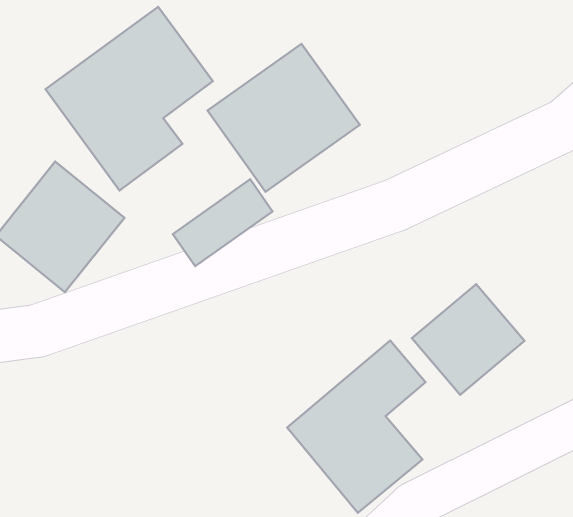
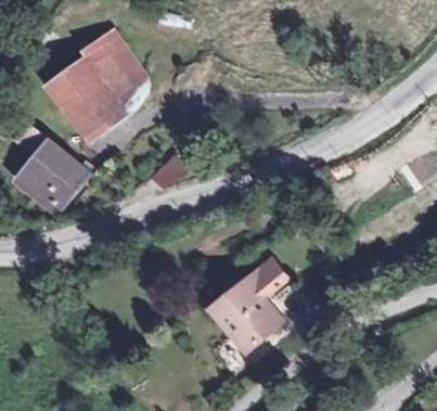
building: [207,44,360,192] -> none
building: [412,284,524,395] -> none

